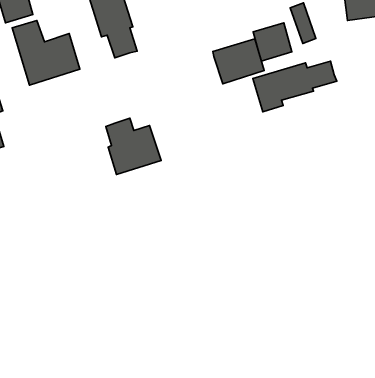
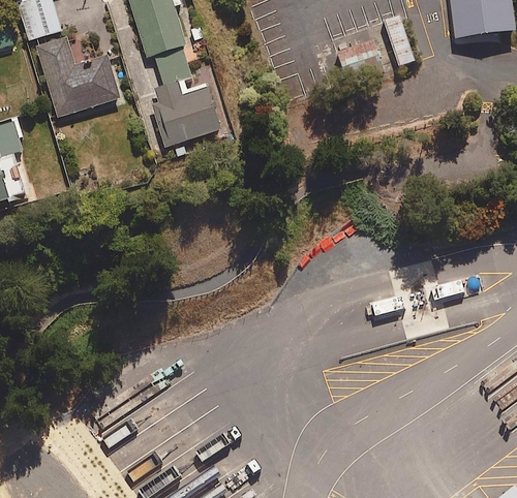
building: [213,39,264,84] -> none
building: [253,61,337,112] -> none
building: [106,118,161,175] -> [152,76,221,147]

